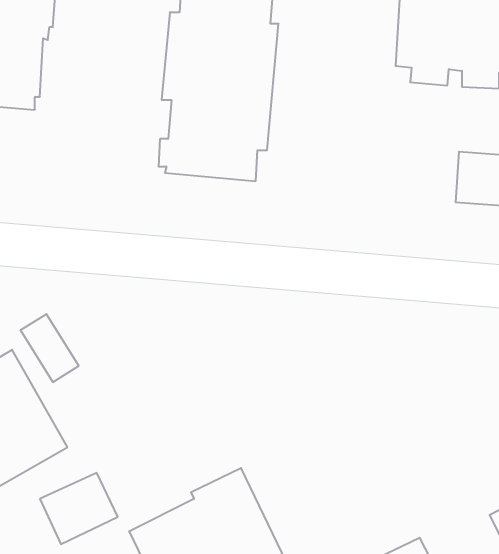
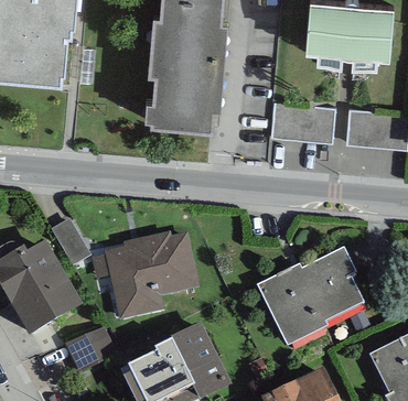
building: none -> [271,102,336,141]
building: none -> [92,232,198,321]
building: none -> [257,250,363,348]

